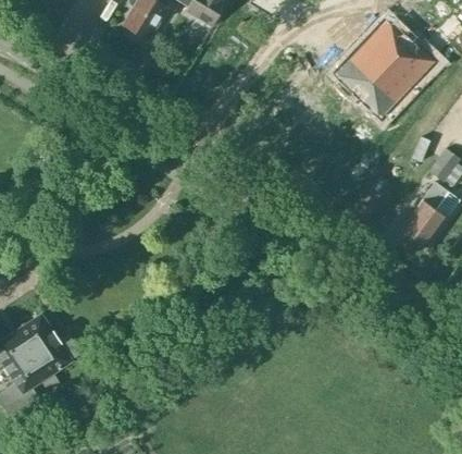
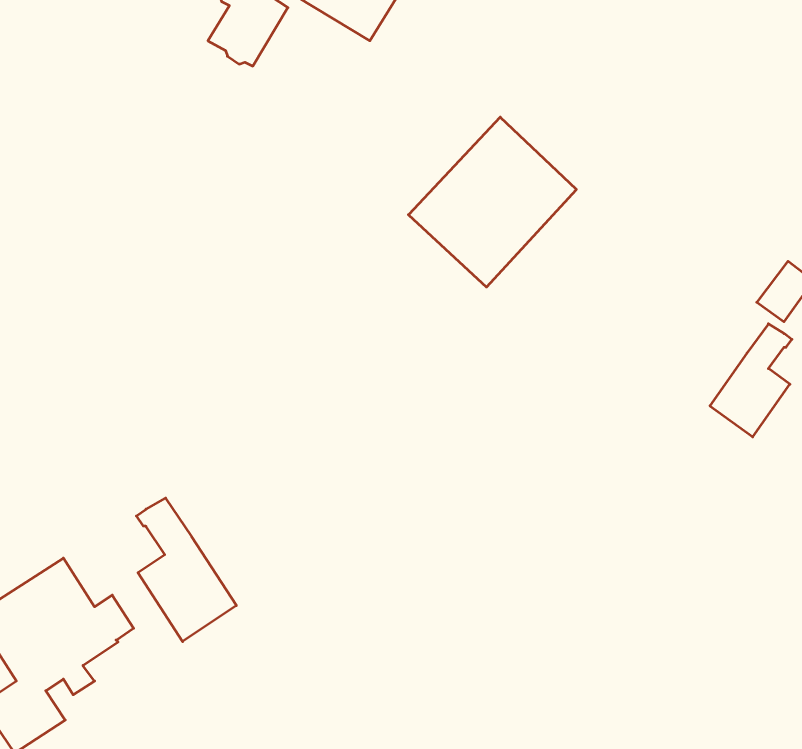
building: [338,21,432,115] -> [408,117,576,287]
building: none -> [136,498,236,642]

